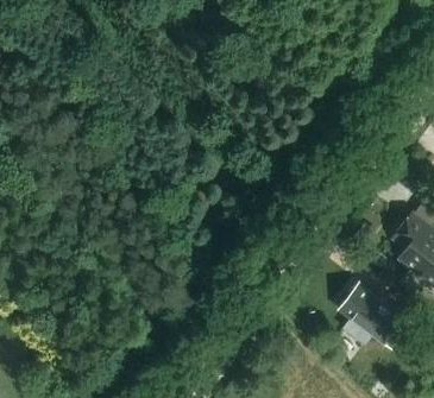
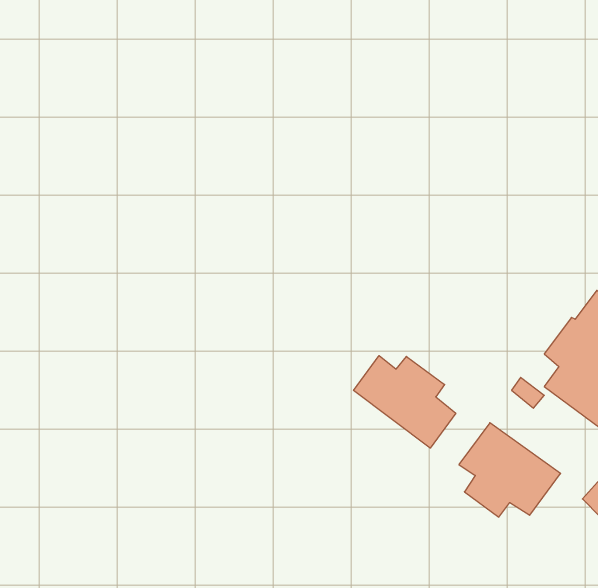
building: none -> [354,356,456,448]

